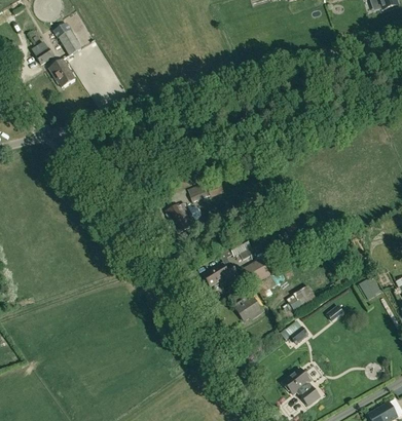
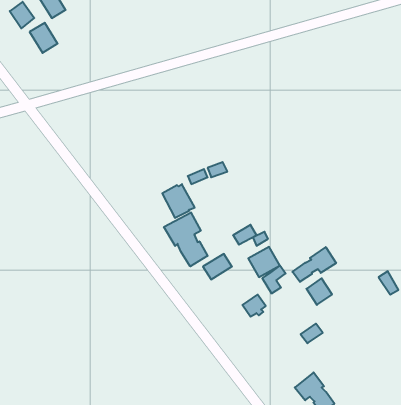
building: none -> [164,212,208,266]
building: none -> [292,247,336,282]

